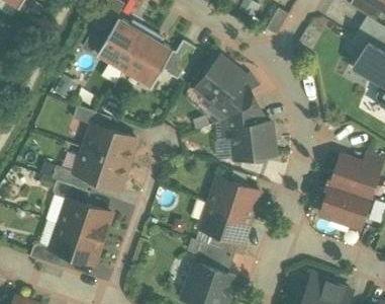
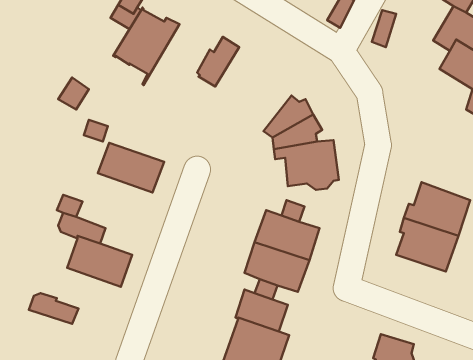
building: [120,29,174,87] -> none
building: [195,56,246,115] -> none
building: [76,148,127,188] -> none
building: [51,223,102,263] -> none

